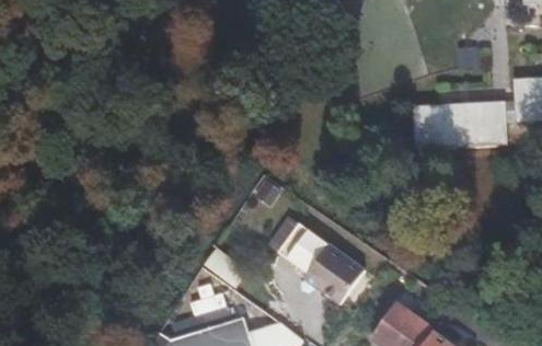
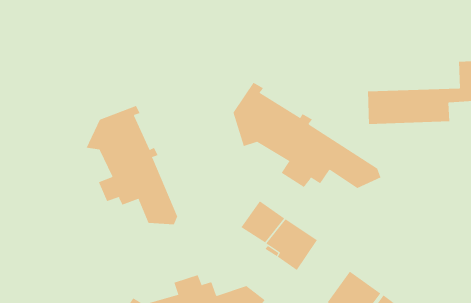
building: none -> [233,82,381,189]
building: none -> [86,105,178,225]

